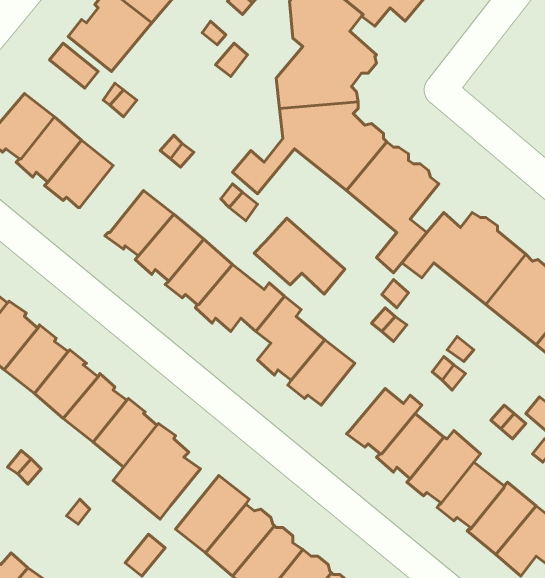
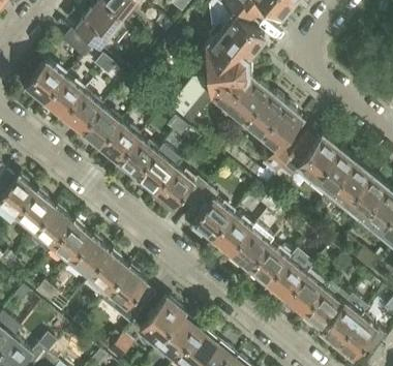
building: none -> [79,106,120,148]
building: [254,218,345,294] -> none
building: none -> [228,223,273,270]

